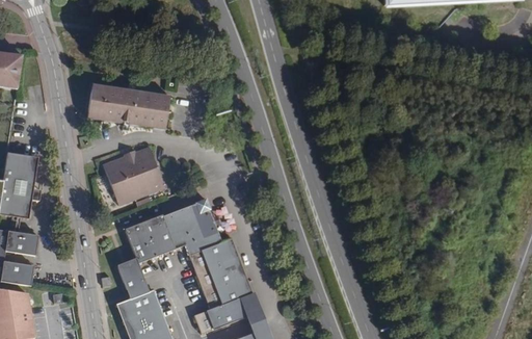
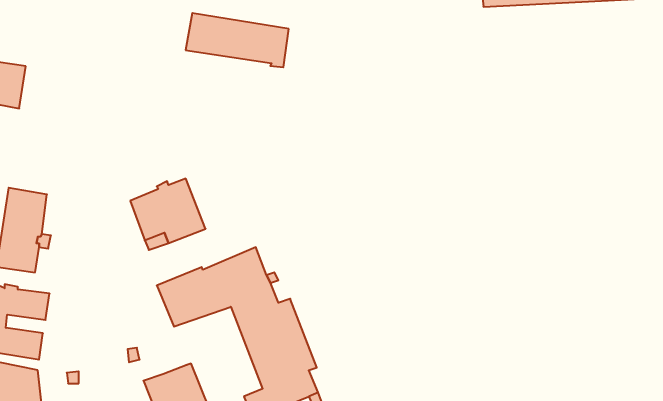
building: [87,82,168,125] -> [186,13,289,67]
building: [113,260,145,294] -> none

